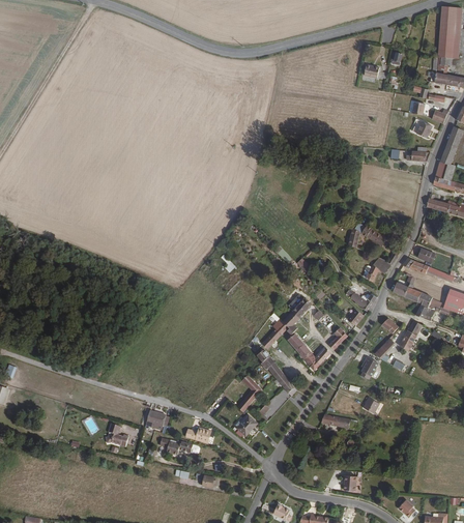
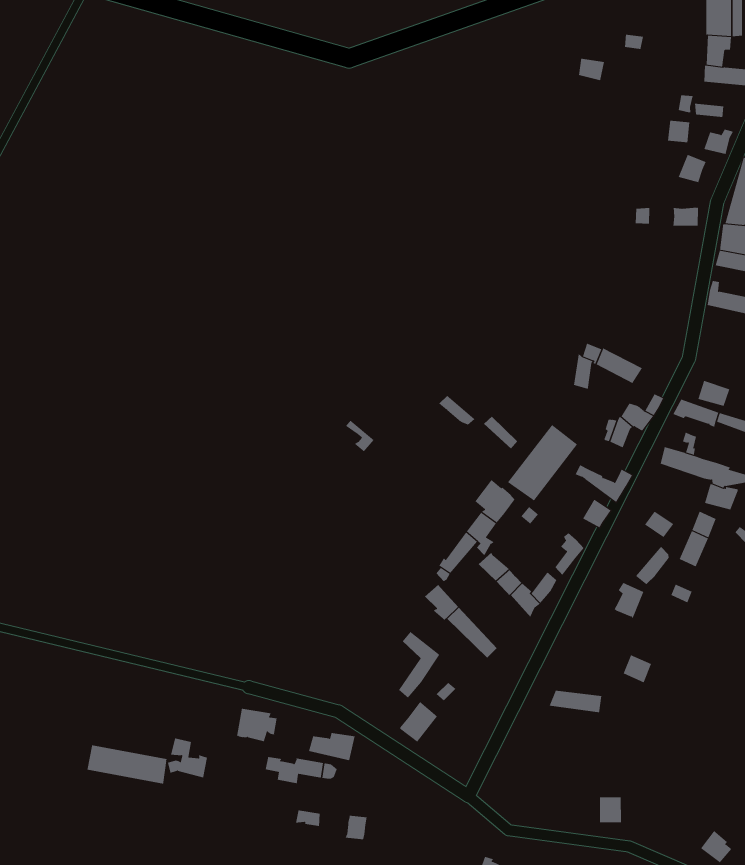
building: none -> [507,424,578,501]
building: none -> [87,745,167,785]

